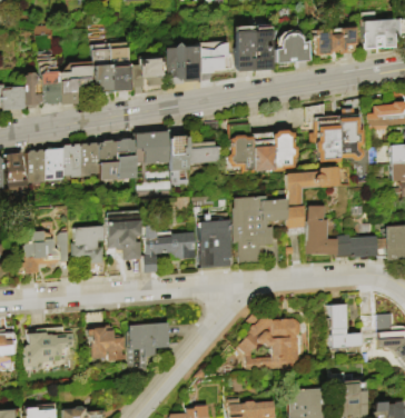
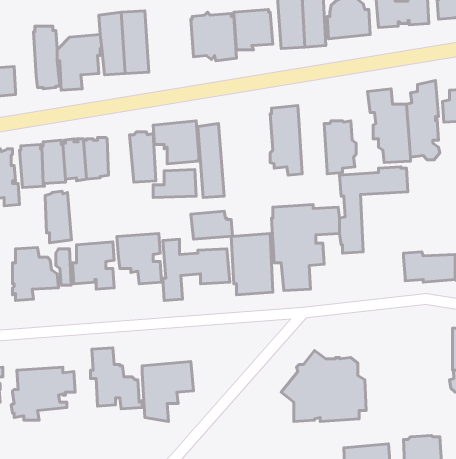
building: [131,56,165,88] -> none
building: [23,72,43,108] -> none
building: [253,132,275,172] -> none
building: [99,140,120,181] -> [45,191,72,243]
building: [189,141,223,163] -> [191,211,232,239]
building: [305,206,337,255] -> none
building: [329,302,363,349] -> none

